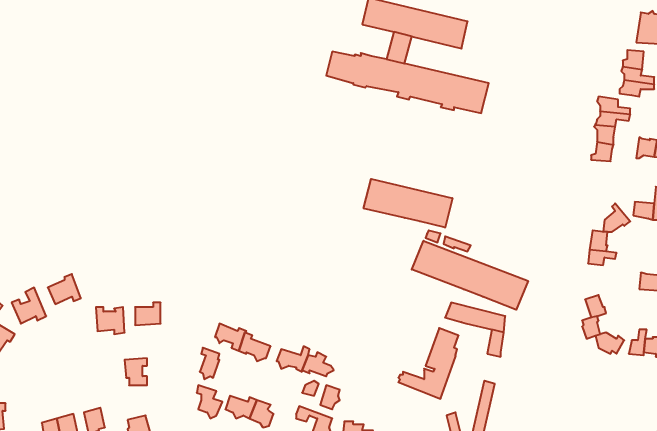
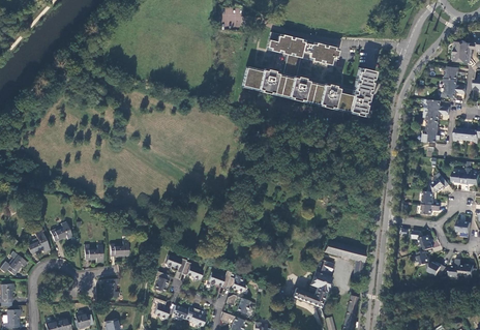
building: none -> [348,67,373,117]
building: [364,179,452,228] -> none
building: [412,241,528,310] -> none

